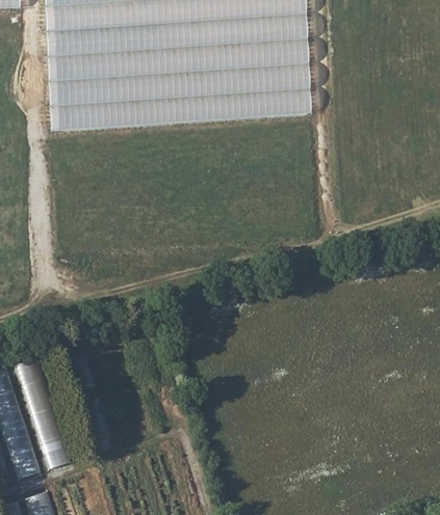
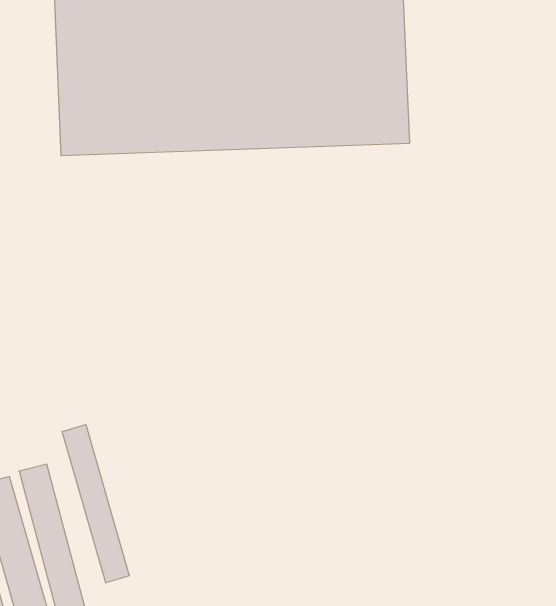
building: none -> [62,424,129,583]

